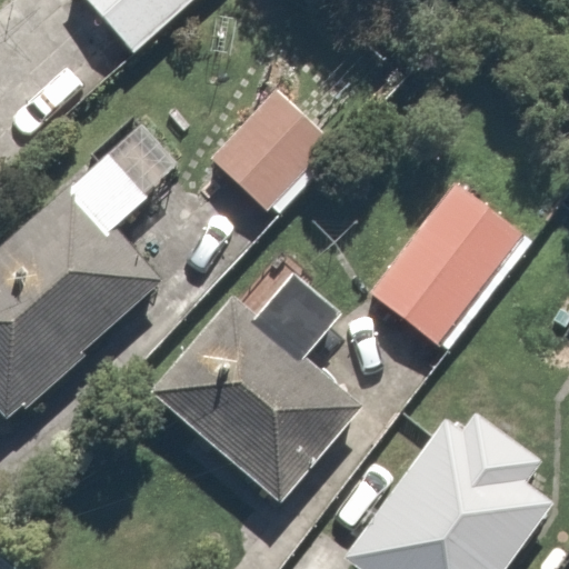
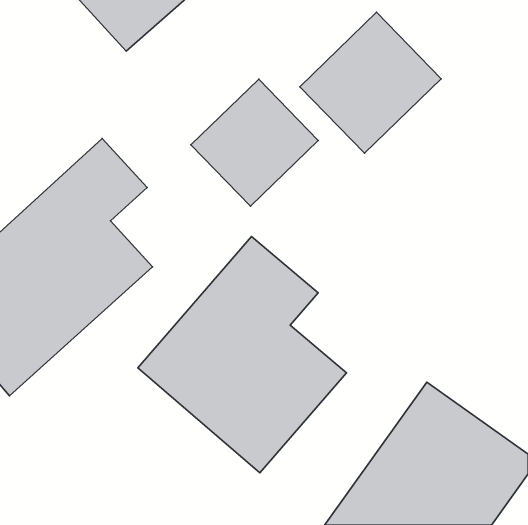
building: none -> [300,12,441,153]
building: [362,169,539,357] -> none

